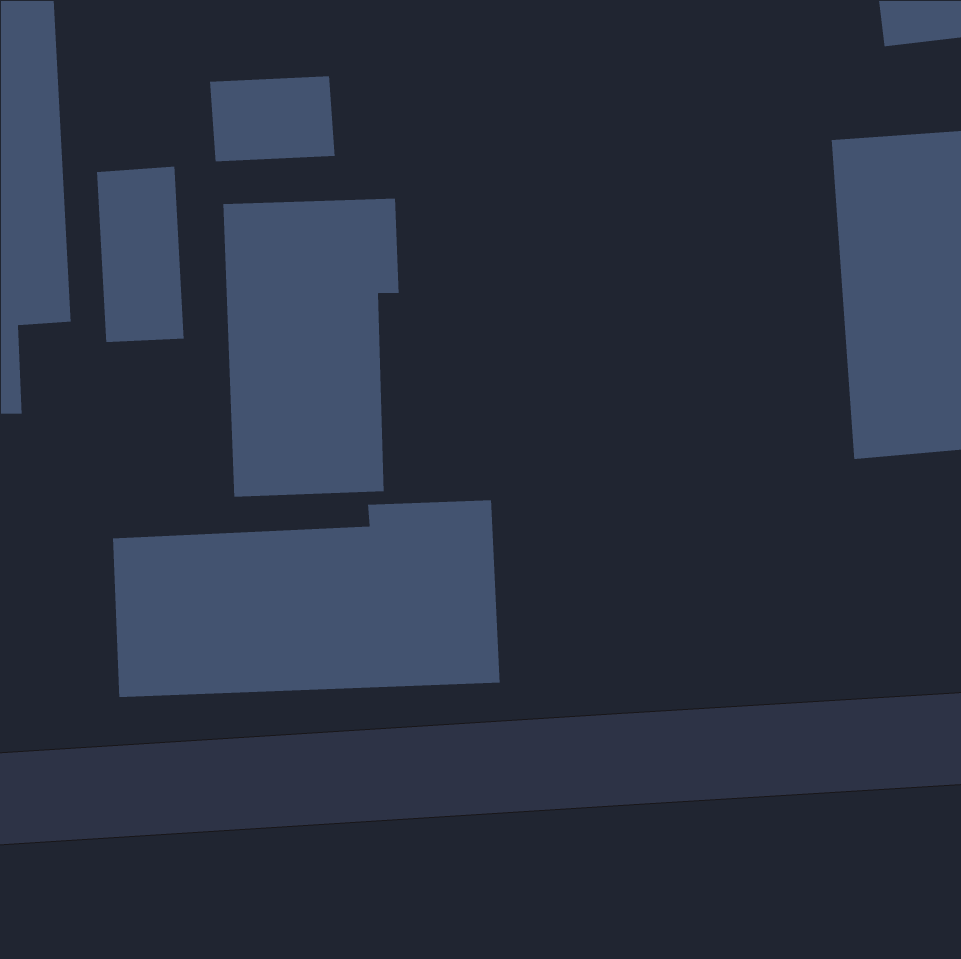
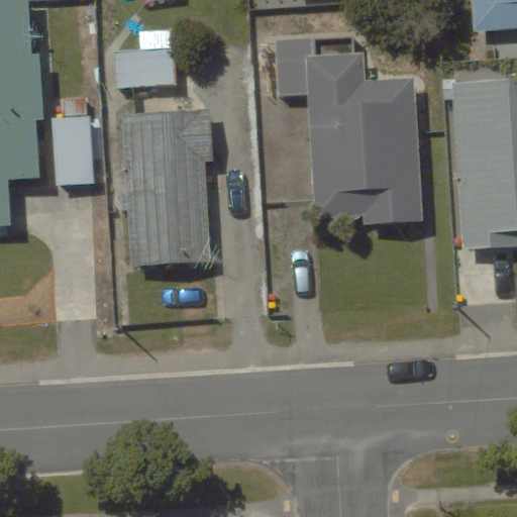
building: none -> [274,36,419,230]
building: [112,499,500,698] -> none

